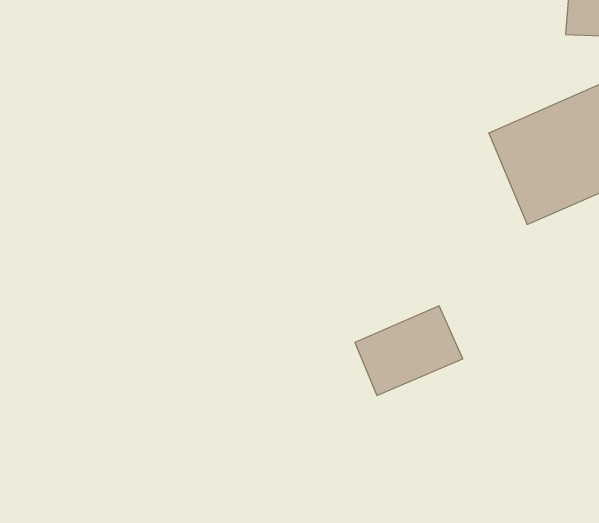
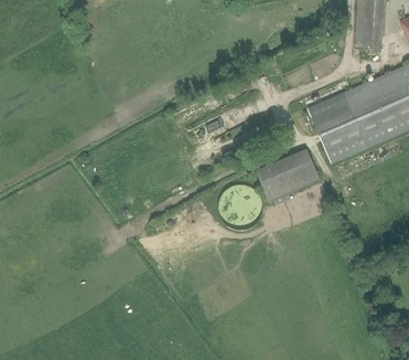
building: [355,306,463,395] -> [256,148,321,202]

